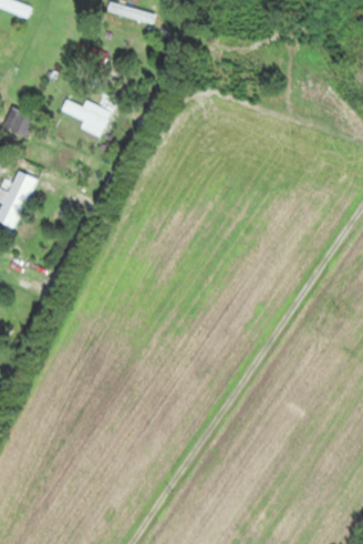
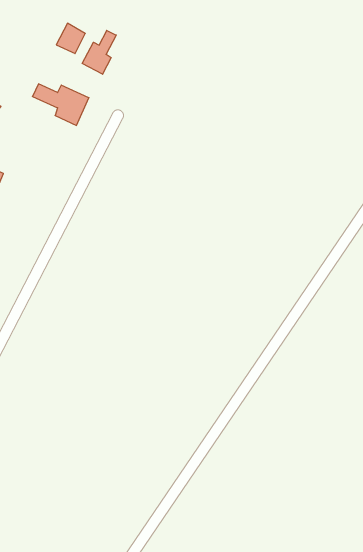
building: none -> [82,30,116,74]

